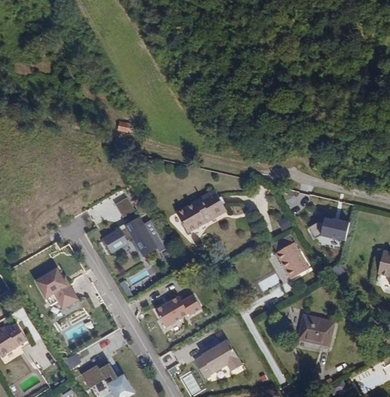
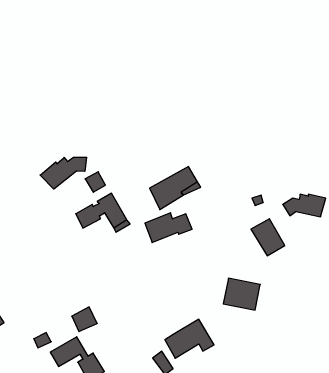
building: none -> [40,157,87,189]
building: [36,267,79,312] -> none
building: [153,294,199,323] -> [145,213,192,243]
building: [298,316,334,347] -> [223,278,260,310]

